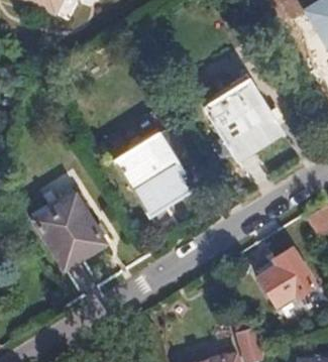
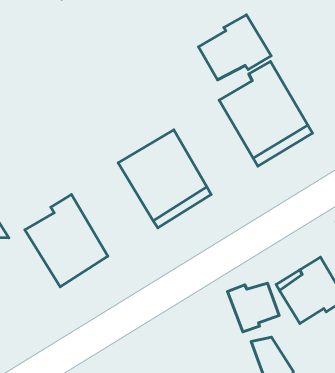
building: none -> [198,15,271,80]
building: none -> [227,283,279,332]

